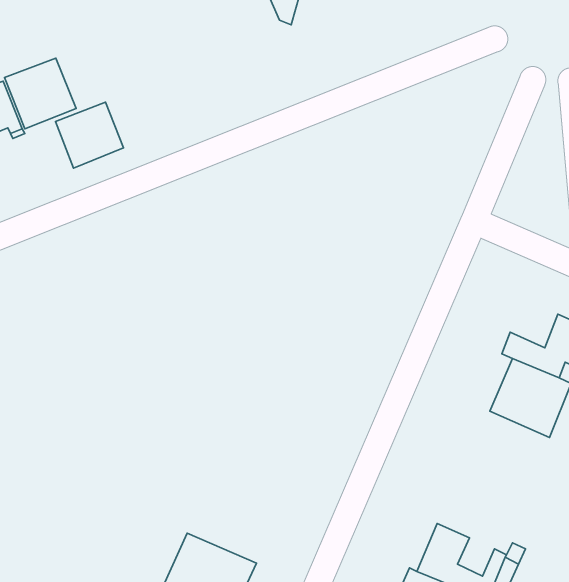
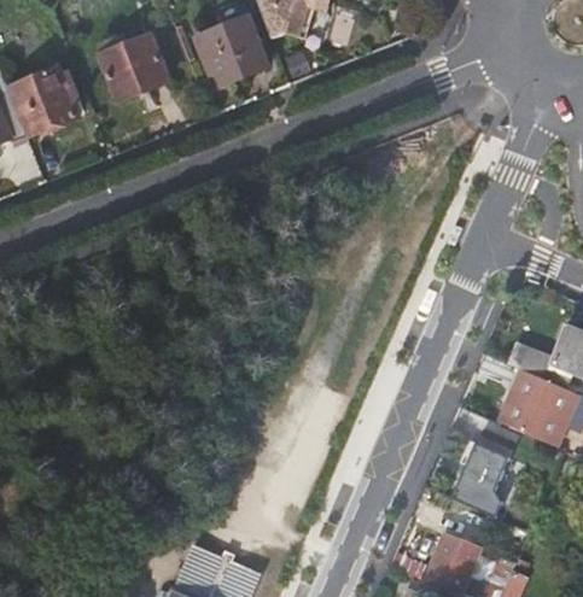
building: none -> [192,12,269,83]
building: [55,102,124,168] -> [100,34,169,100]
building: none -> [451,443,508,516]

